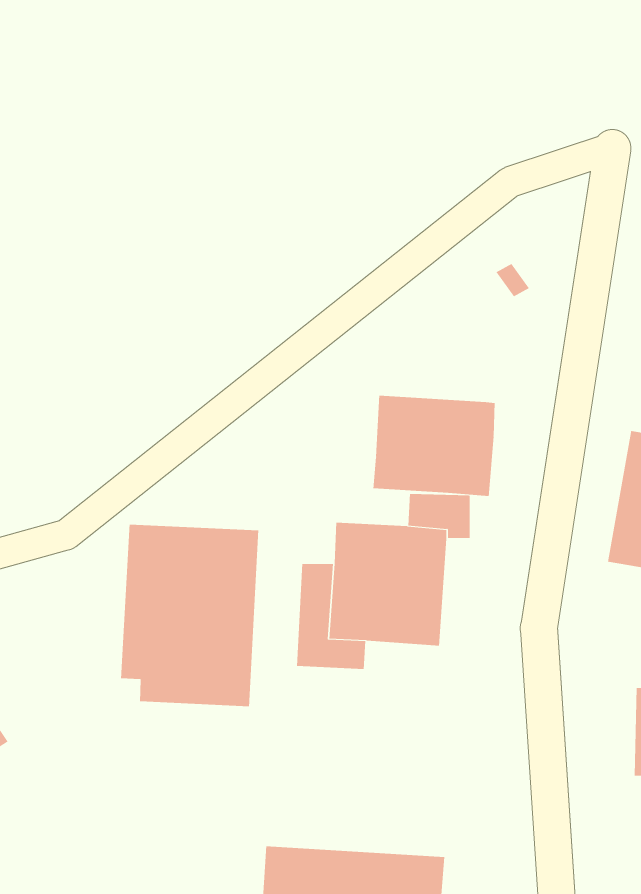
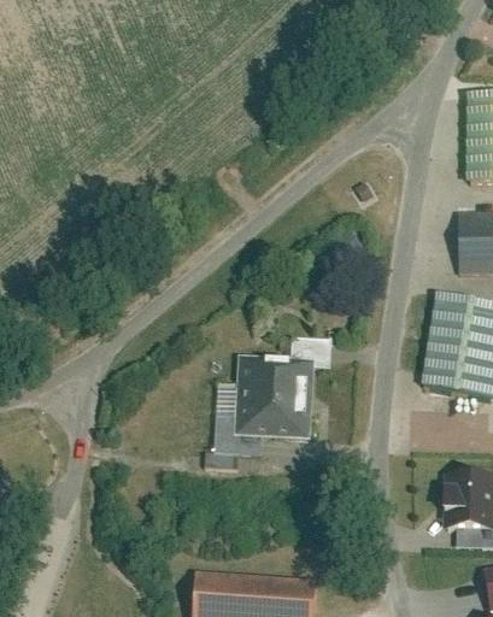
building: [373,395,495,497] -> none
building: [120,524,259,707] -> none

